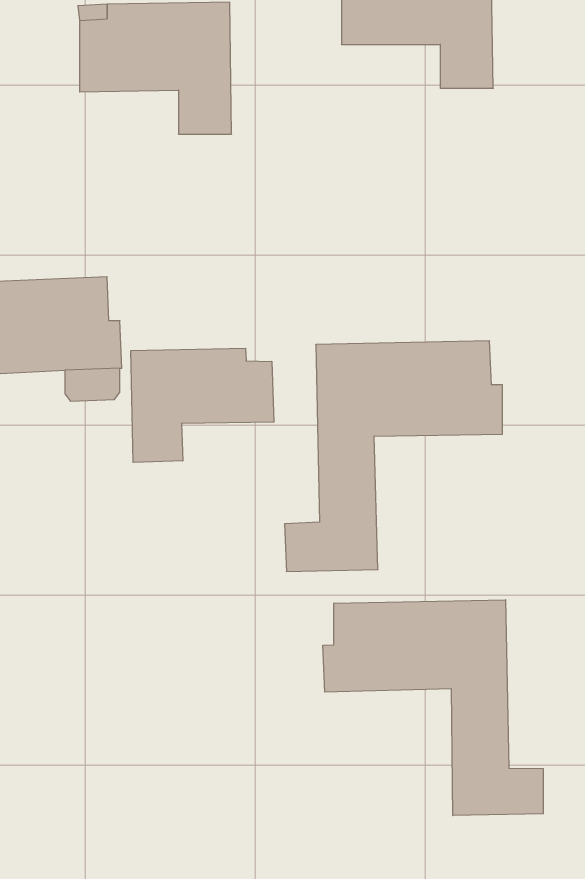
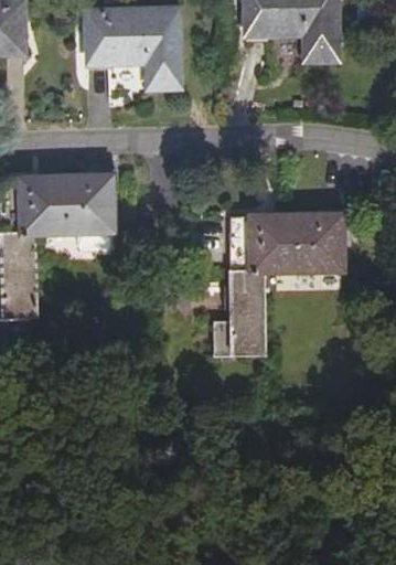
building: [131,348,274,462] -> none
building: [323,600,543,816] -> none

